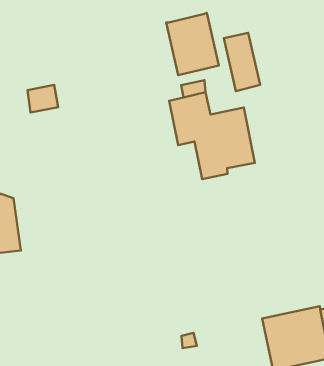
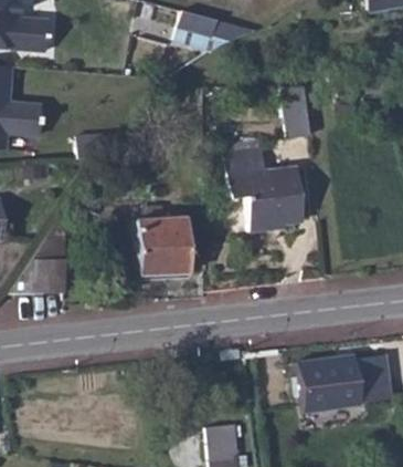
building: [166,13,219,75] -> none
building: none -> [137,216,191,272]

